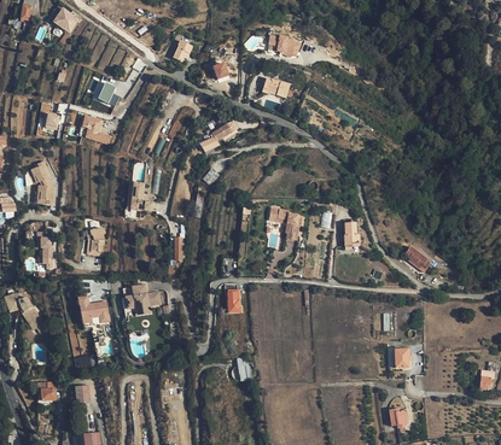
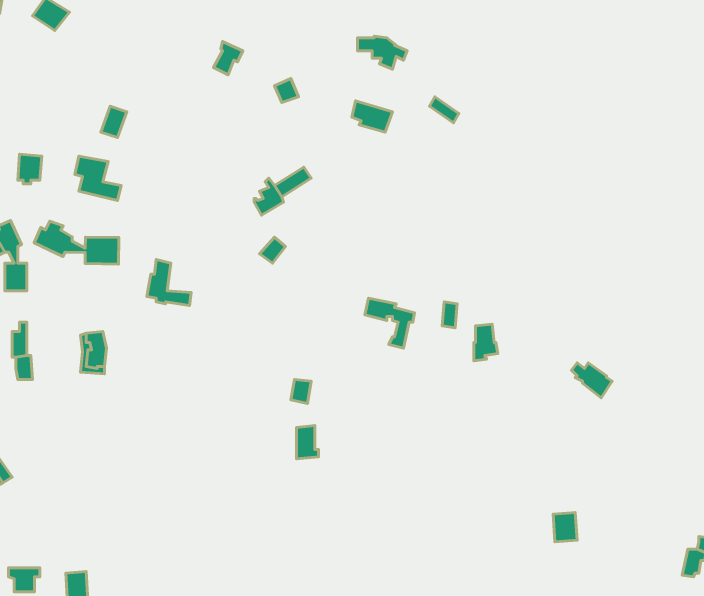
building: none -> [34,221,119,264]
building: [126,281,161,309] -> none
building: [78,294,111,323] -> none

